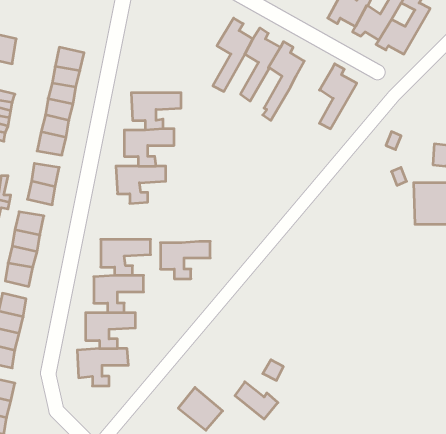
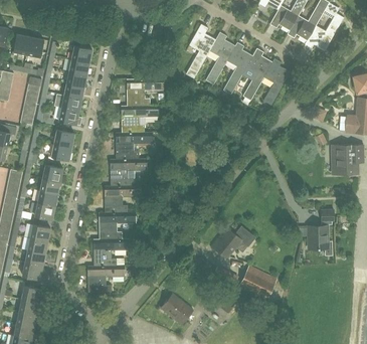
building: none -> [241,48,271,102]
building: [160,241,210,279] -> [110,159,146,186]
building: none -> [307,210,333,249]
building: none -> [211,227,253,259]
building: none -> [238,267,274,301]

